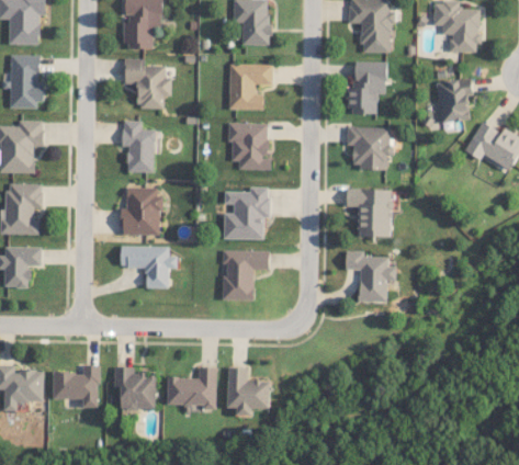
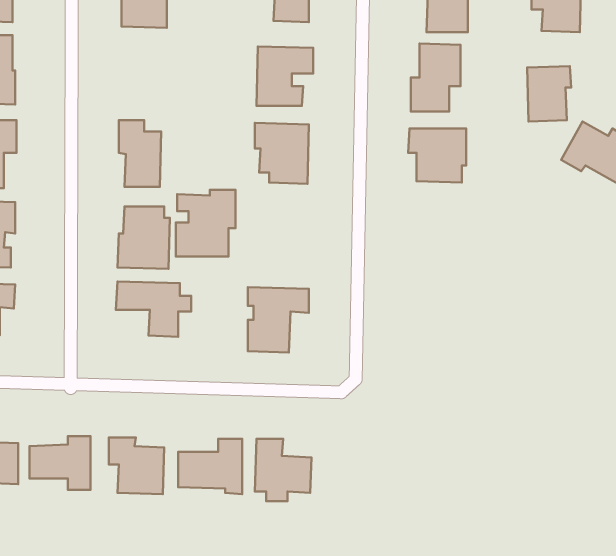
building: [124,59,171,109] -> none
building: [223,188,269,239] -> [176,190,235,256]
building: [346,189,392,237] -> none
building: [345,251,395,302] -> none

